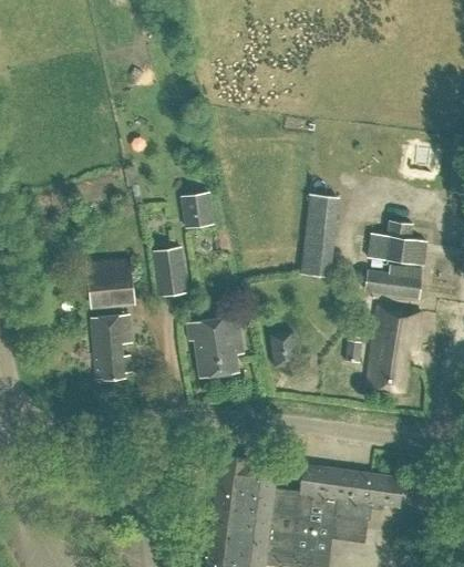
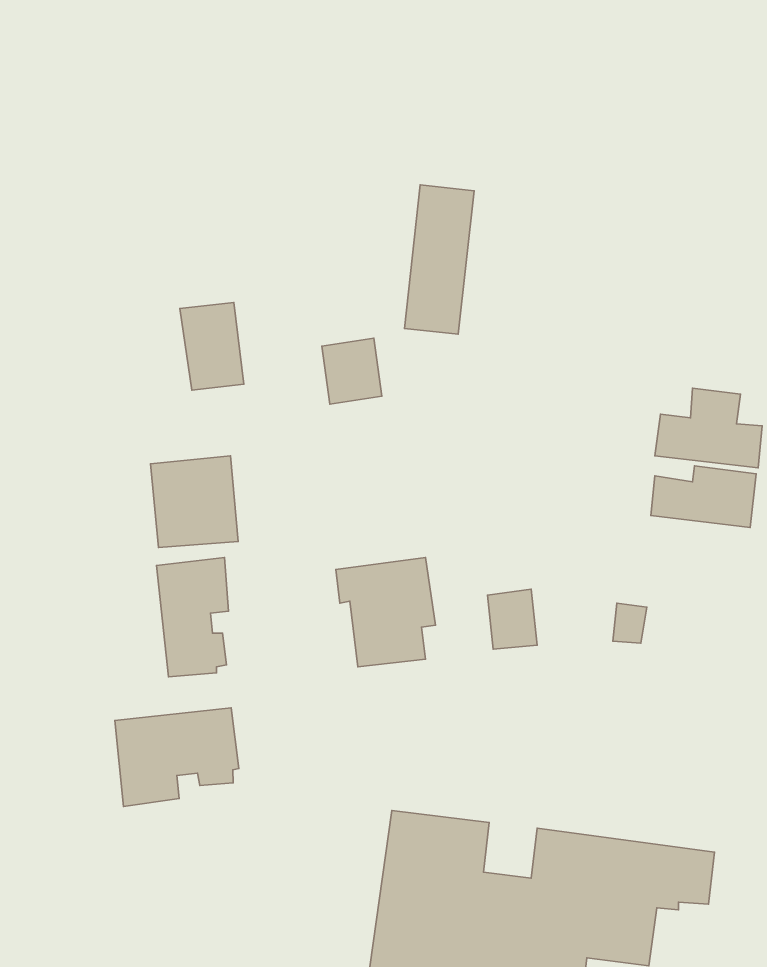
building: [301,195,340,278] -> [404,185,474,334]
building: [154,249,189,298] -> [180,302,244,390]
building: [365,306,422,392] -> none
building: none -> [115,708,239,807]

